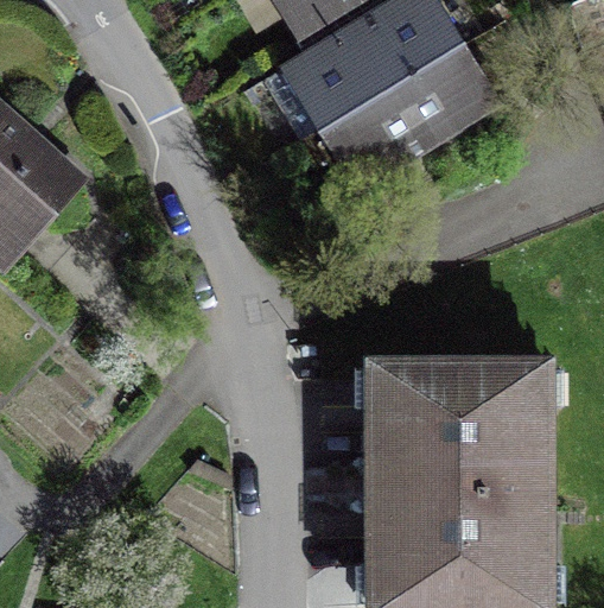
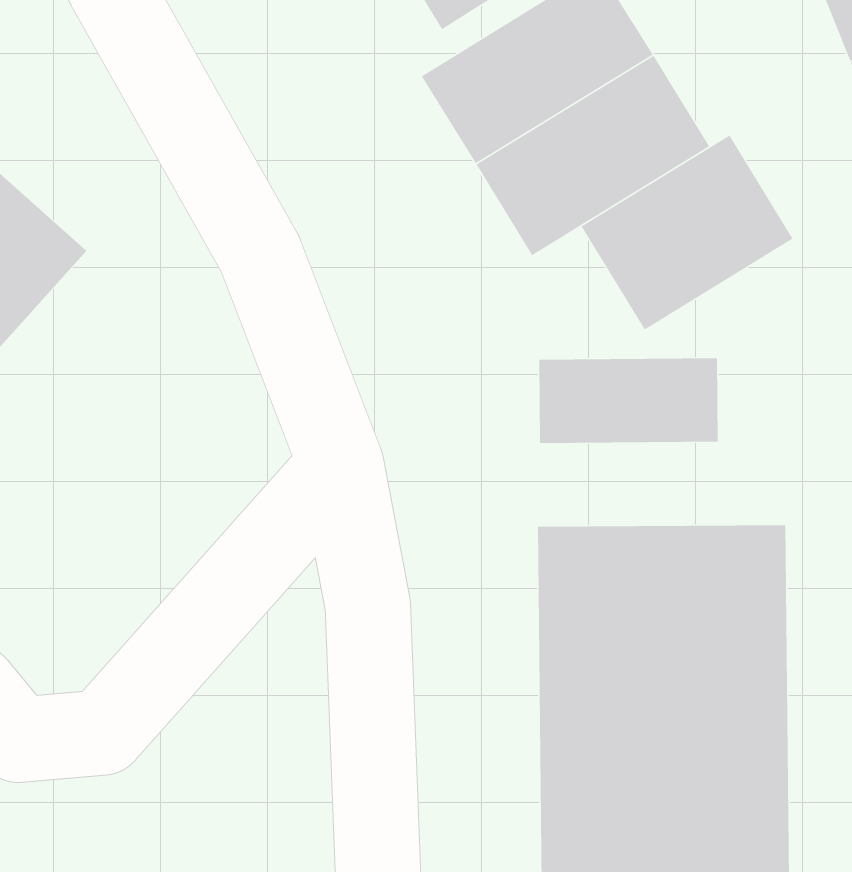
building: none -> [581,135,794,330]
building: none -> [538,357,719,444]

